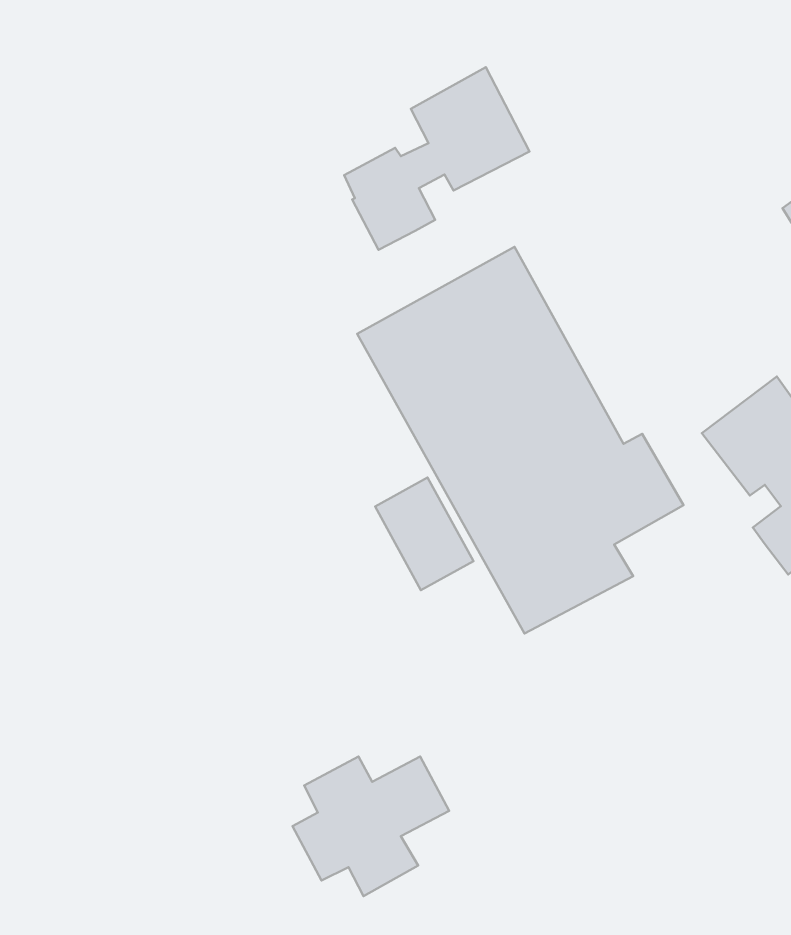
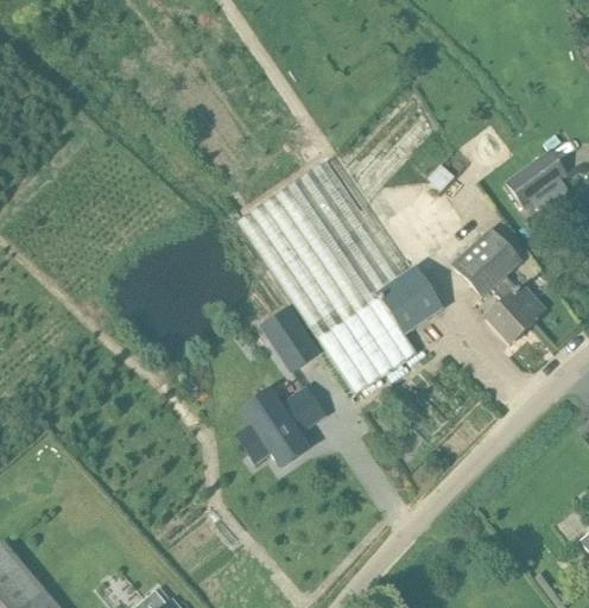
building: [344,67,530,250] -> none
building: [293,756,449,896] -> [234,384,327,470]

